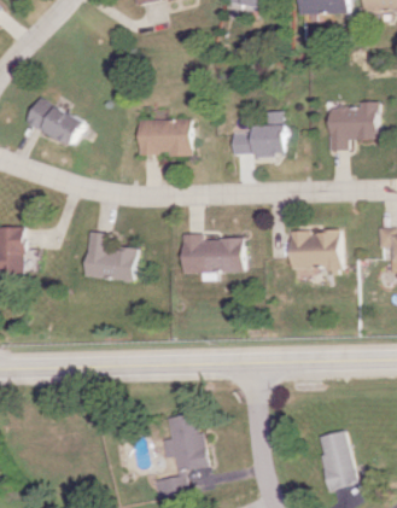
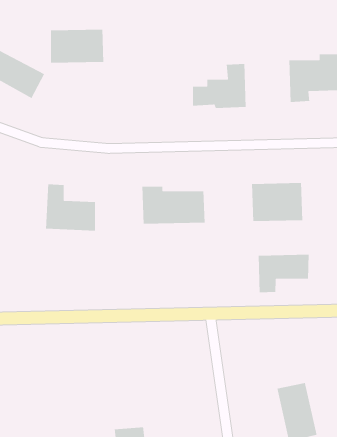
building: [135,119,189,154] -> [50,29,104,64]
building: none -> [258,254,310,293]
building: [160,414,206,471] -> none

